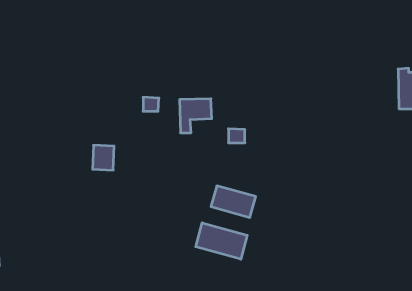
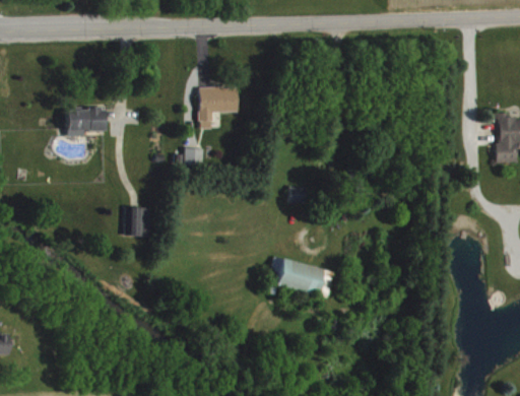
building: none -> [66,108,105,136]
building: [180,99,212,133] -> [199,86,239,128]
building: [196,223,247,259] -> none

